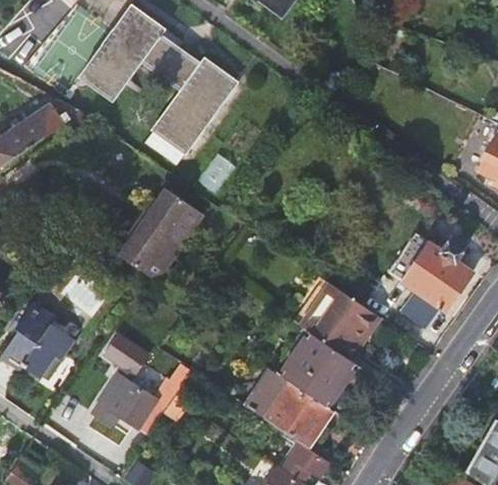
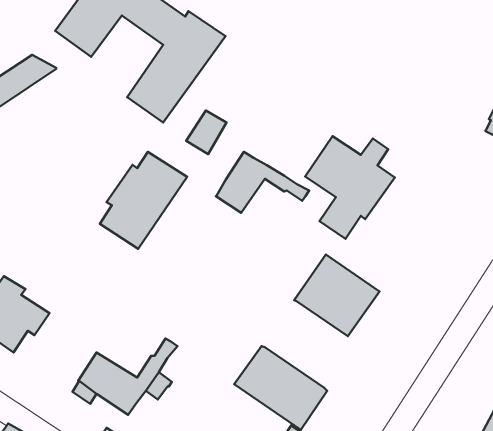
building: none -> [216,152,309,213]
building: [389,233,473,329] -> [305,136,395,239]
building: [274,328,360,408] -> none
building: [105,334,147,373] -> none

